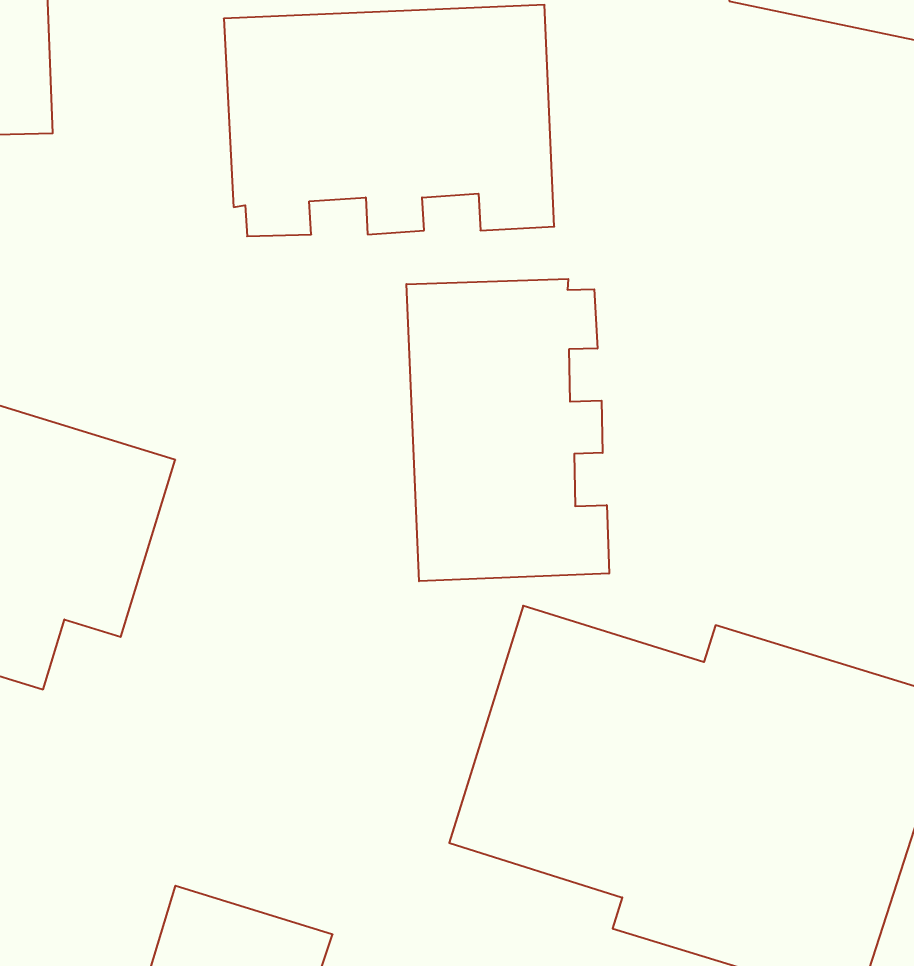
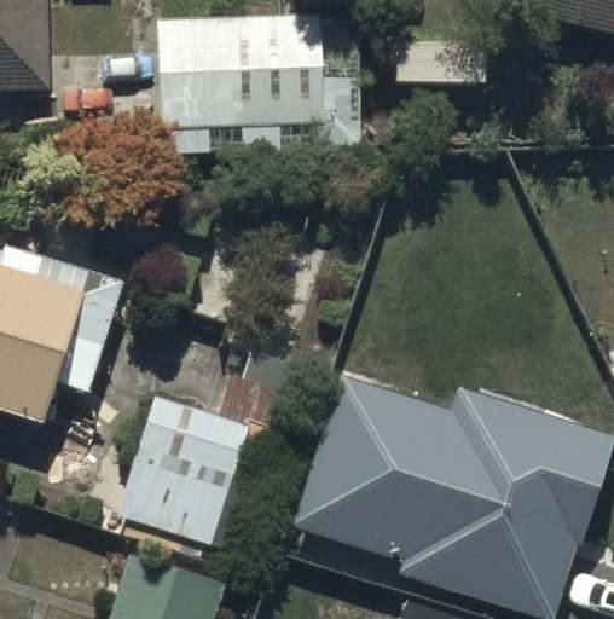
building: [406,279,609,581] -> none
building: none -> [115,395,282,549]

